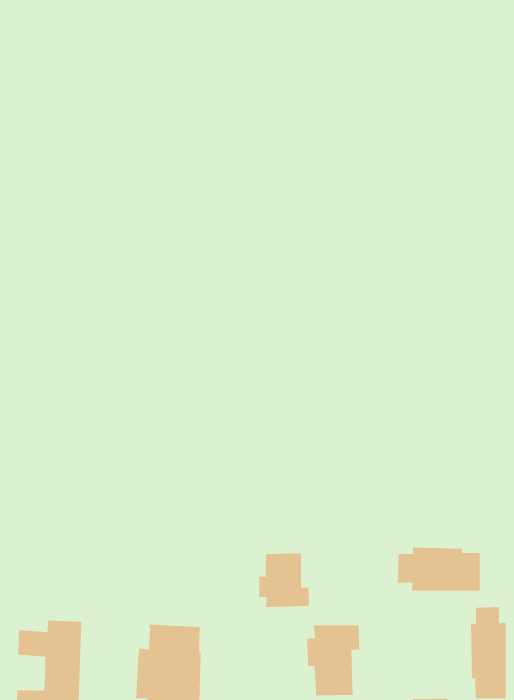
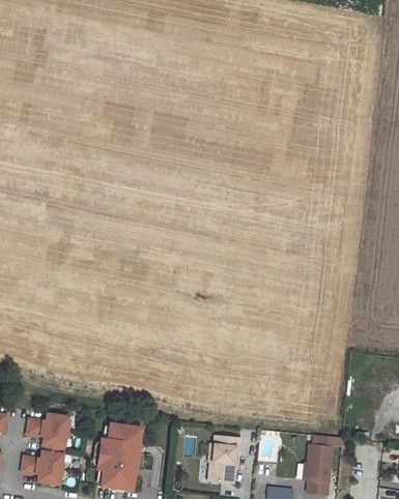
building: [397,547,480,592] -> none
building: [259,553,309,608] -> none

